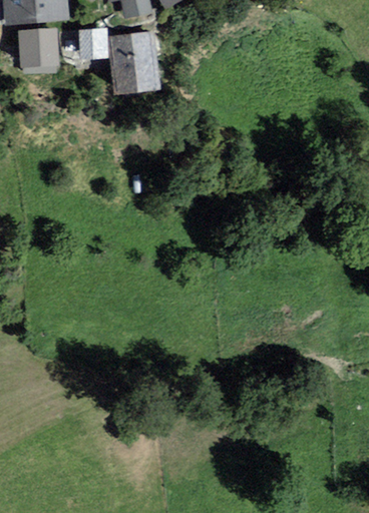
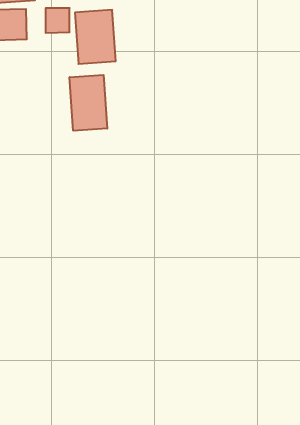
building: none -> [70,75,107,131]

